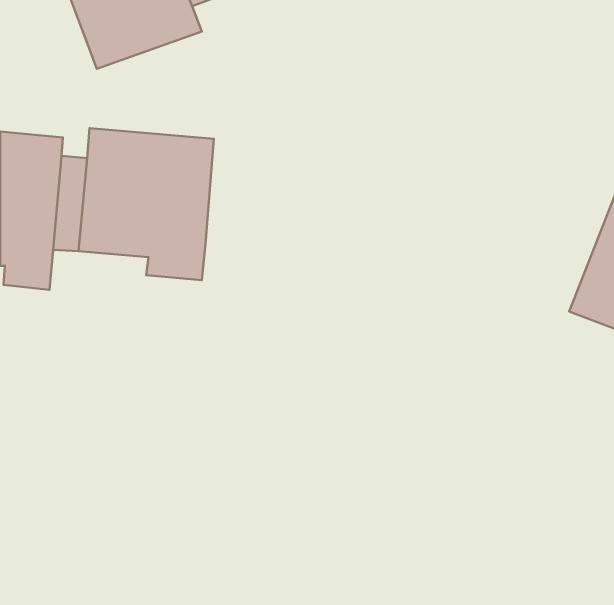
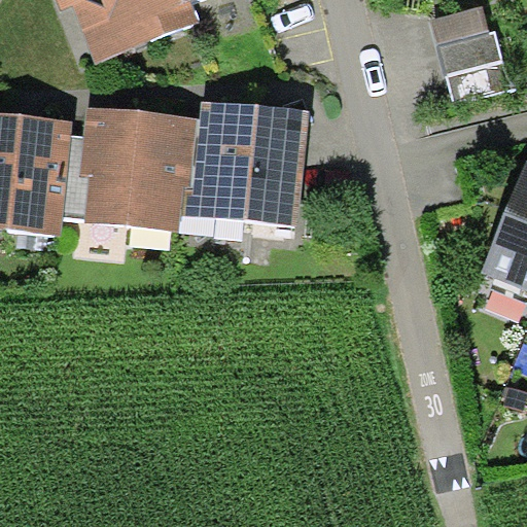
building: none -> [443,14,515,96]
building: none -> [178,104,294,238]

